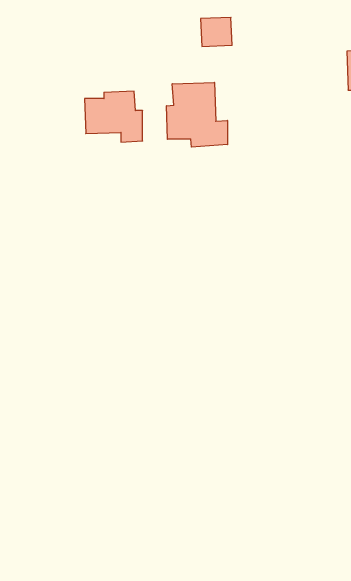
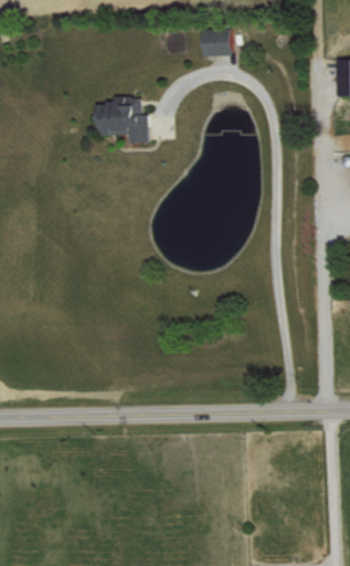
building: [167,82,228,147] -> none

